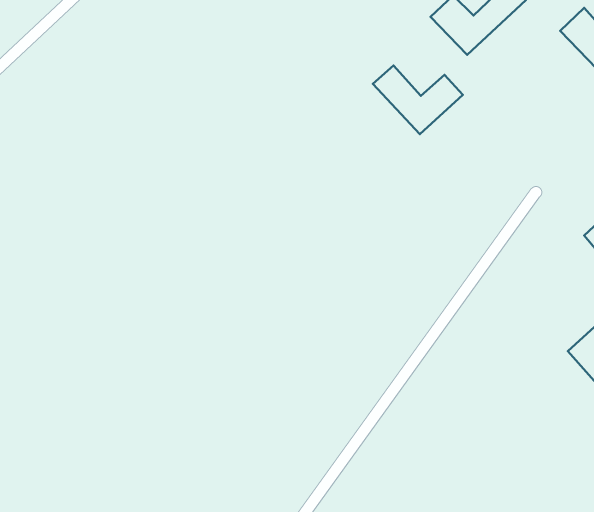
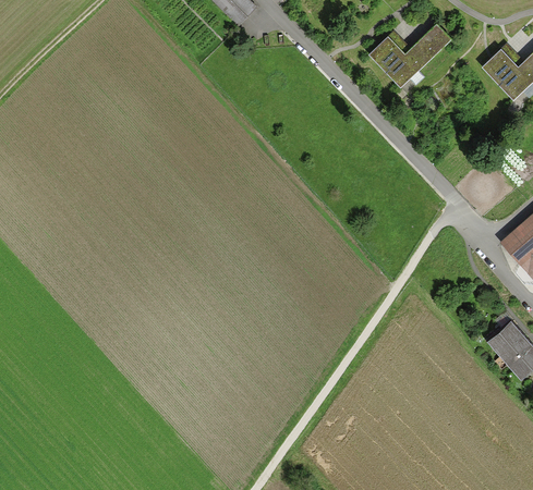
building: [373,65,463,134] -> none

